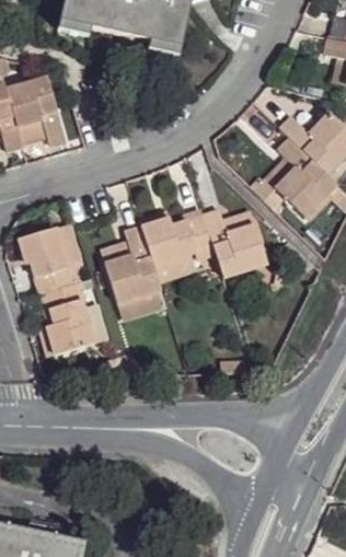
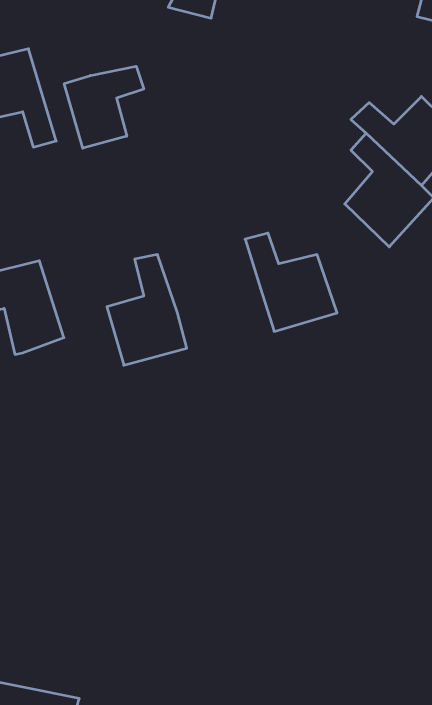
building: none -> [64,66,144,148]
building: [140,213,214,266] -> none
building: [44,283,96,355] -> none

